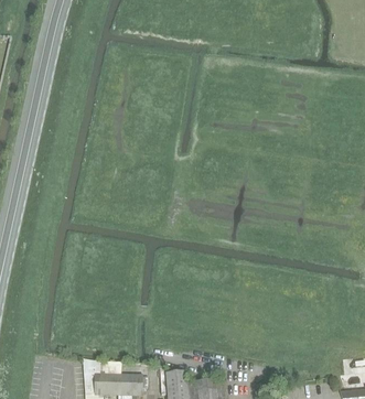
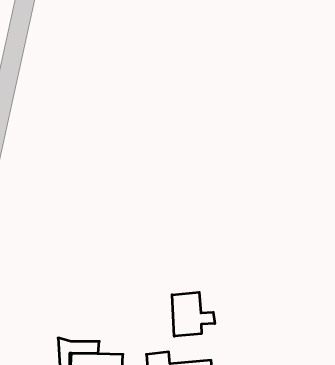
building: none -> [172,292,215,336]

